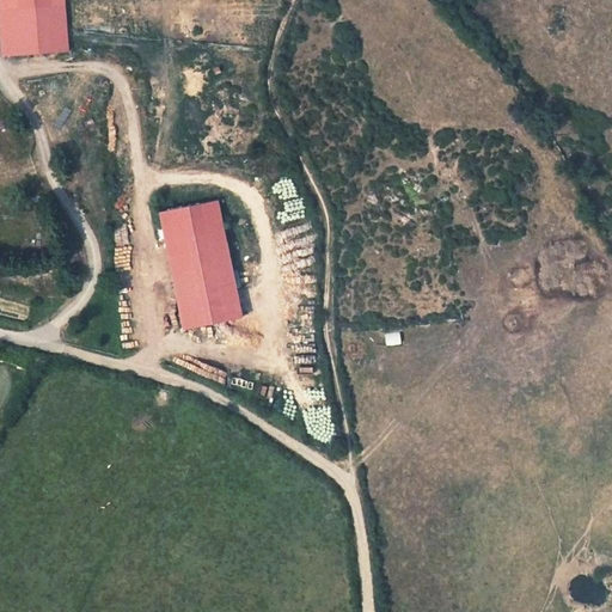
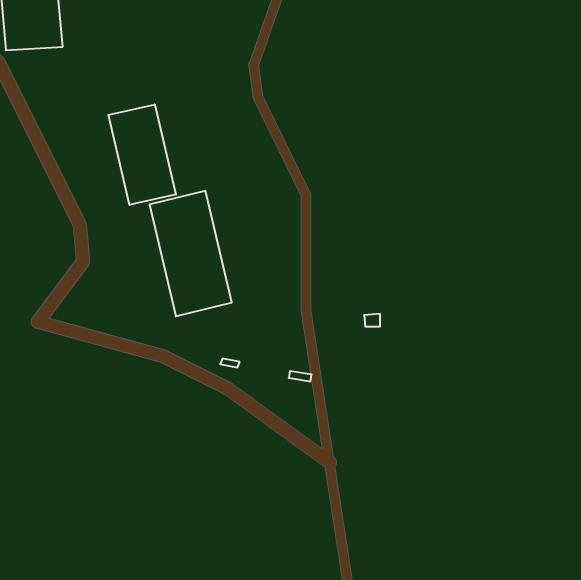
building: none -> [108,104,176,205]

